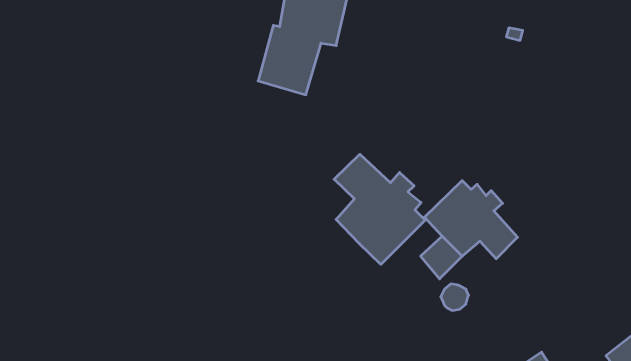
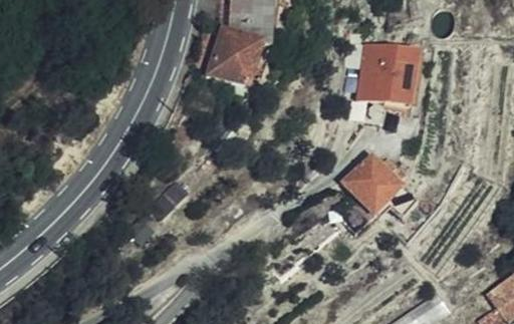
building: none -> [348,25,420,124]
building: [334,154,425,264] -> none

